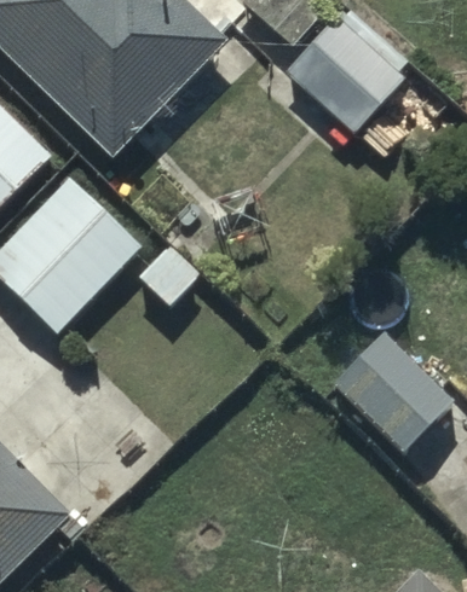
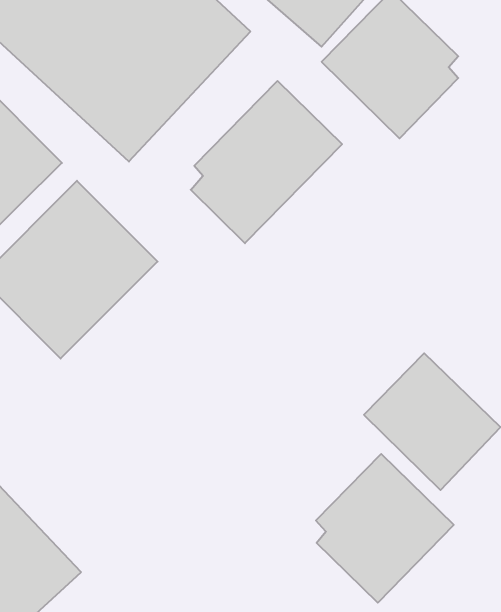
building: none -> [191,81,342,243]
building: none -> [316,454,454,603]

